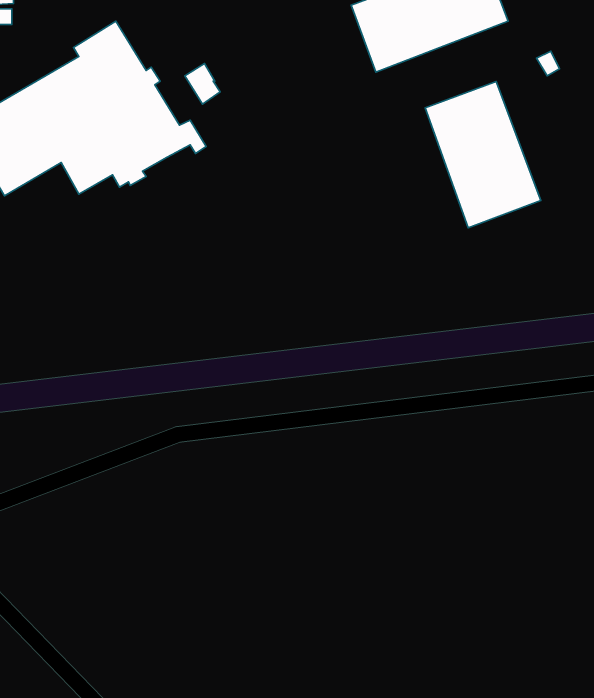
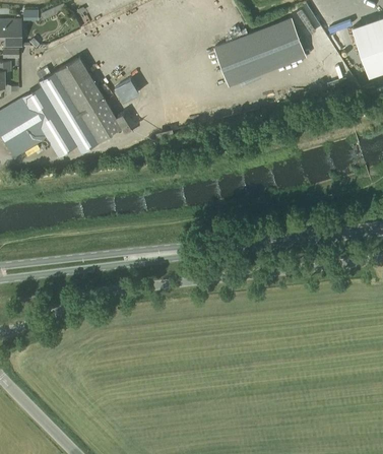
building: [425,82,541,228] -> none

